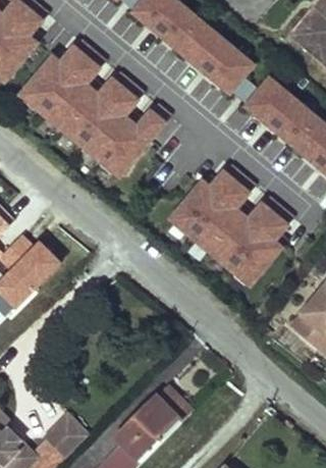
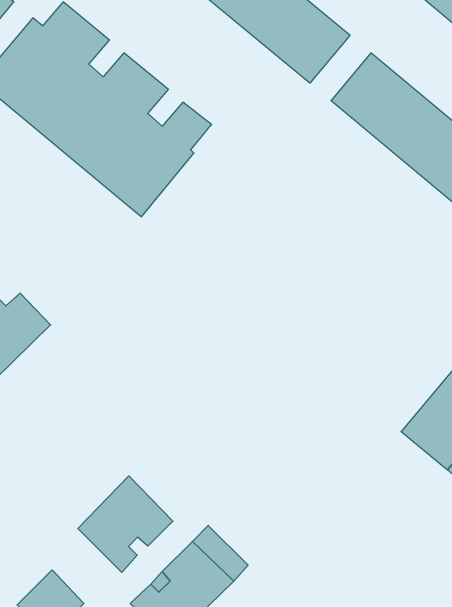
building: [169,171,292,292] -> none
building: none -> [78,476,173,572]

